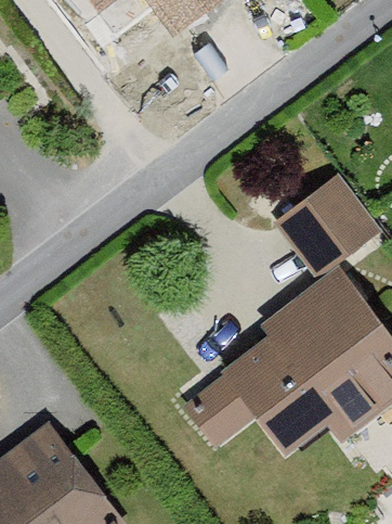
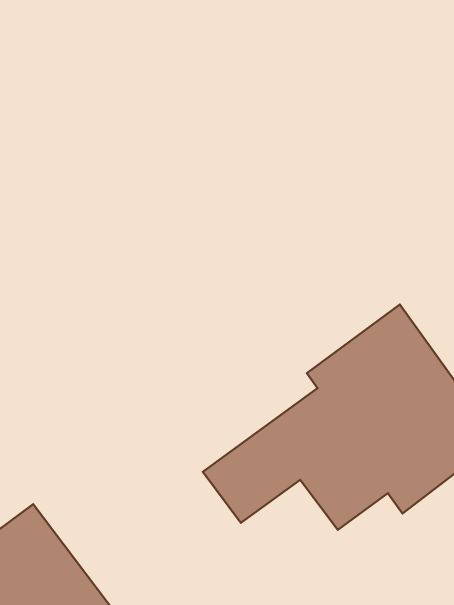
building: [277,181,370,271] -> none

